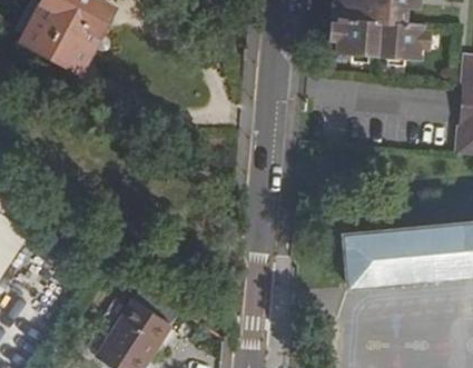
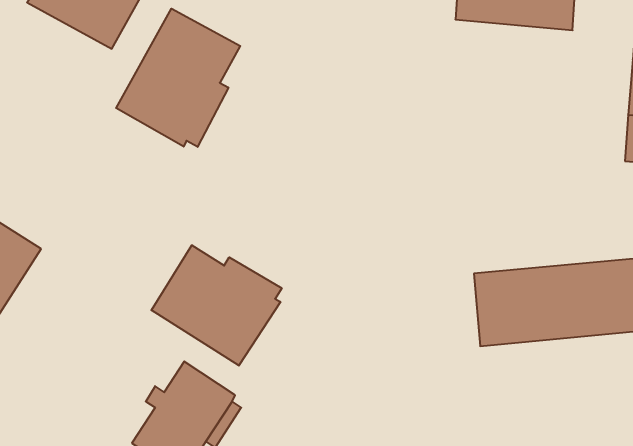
building: none -> [116,9,240,147]
building: none -> [151,245,282,366]

